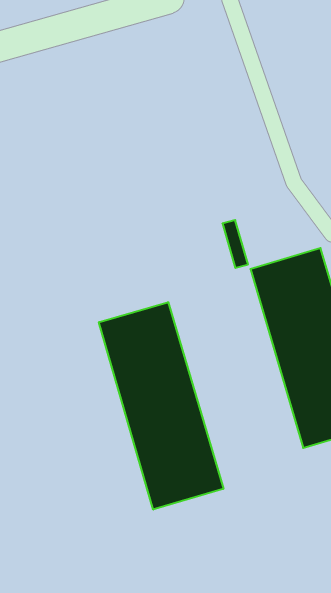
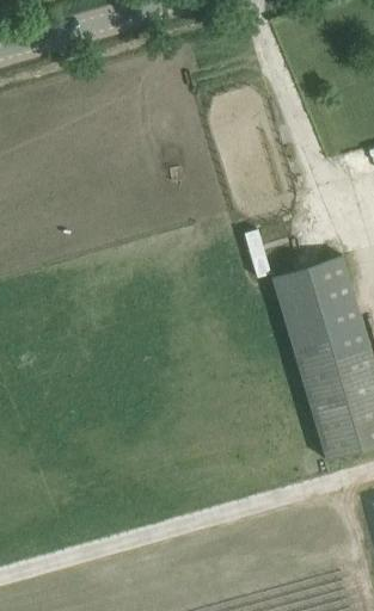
building: [99,302,223,510] -> none

